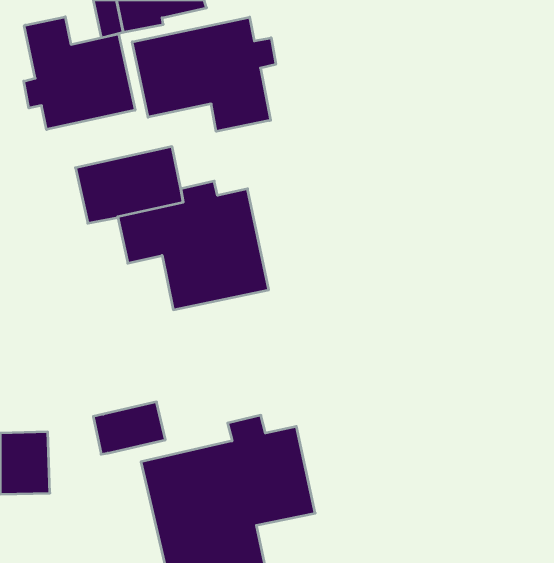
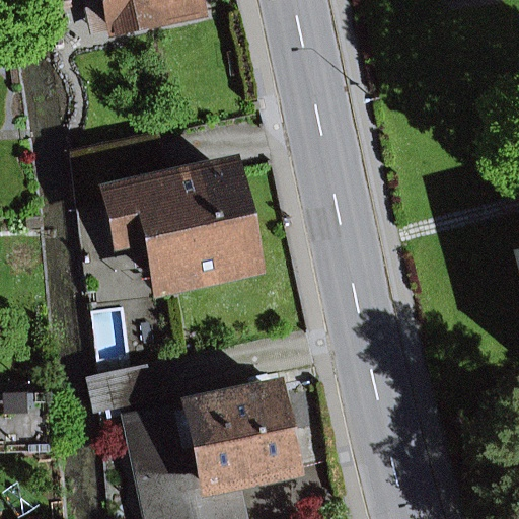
building: [24,17,135,130] -> none
building: [132,17,276,131] -> none

